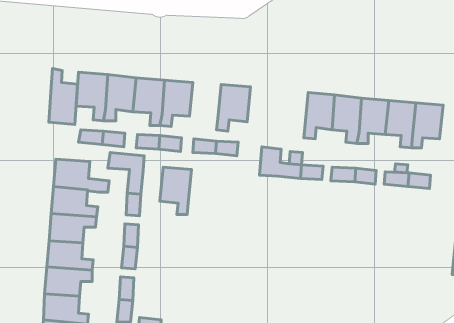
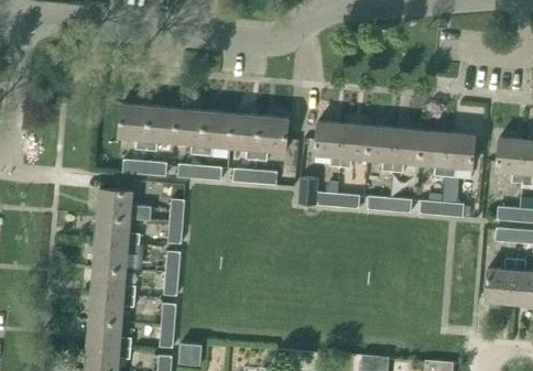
building: [49,69,78,124] -> none
building: none -> [315,121,345,167]
building: [160,167,192,215] -> [229,113,260,160]

